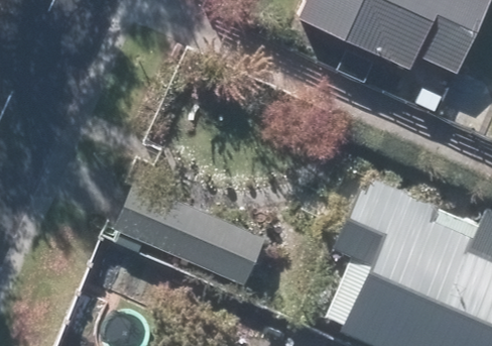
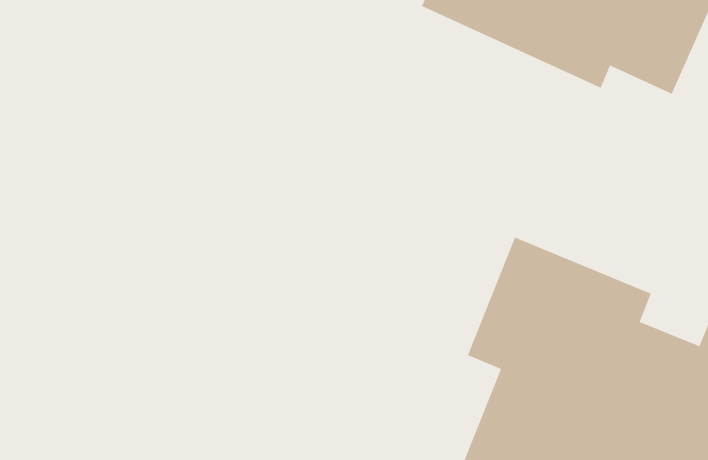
building: [122,188,273,287] -> none

